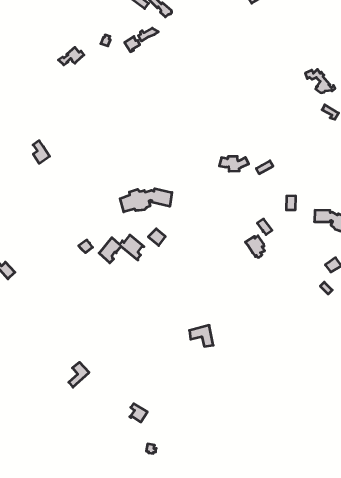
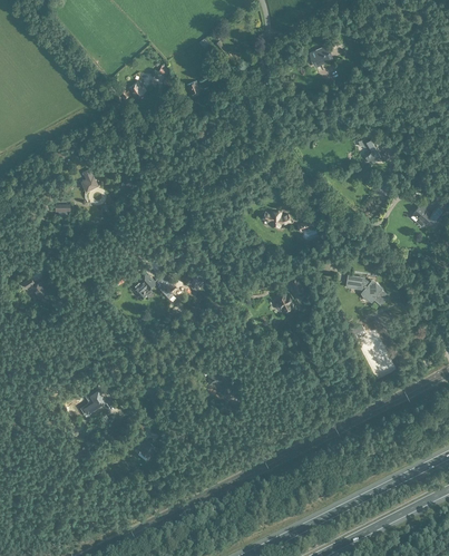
building: [120,189,172,212] -> none

